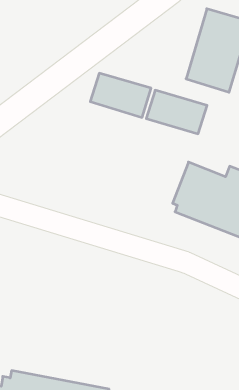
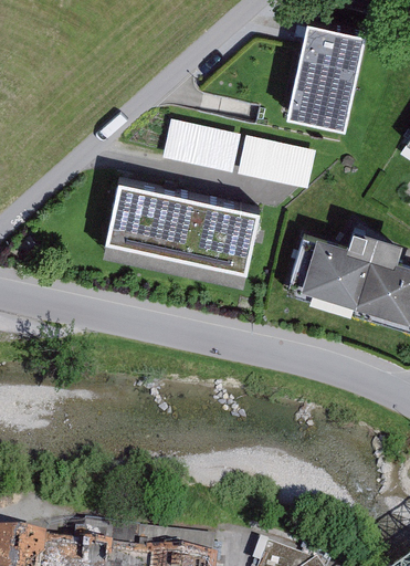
building: none -> [104,181,261,286]

